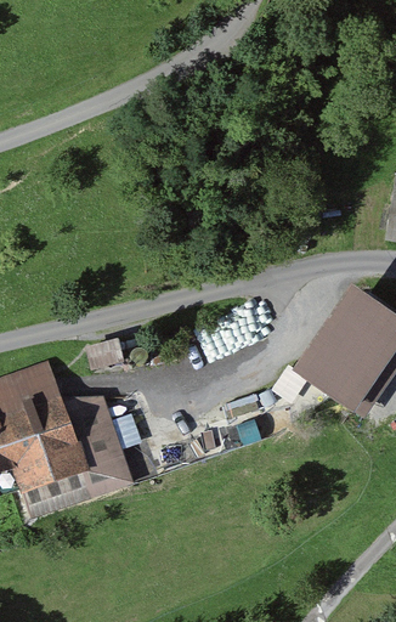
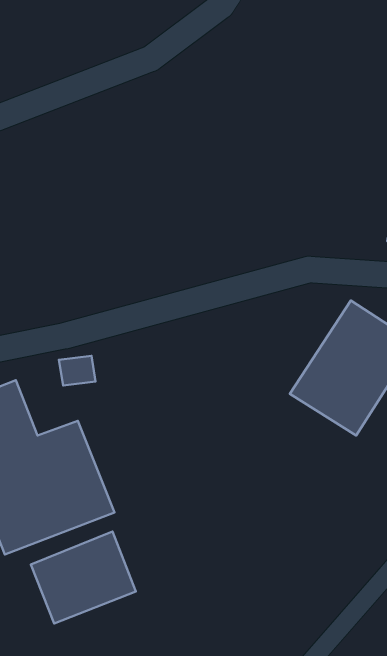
building: none -> [31,532,136,623]

